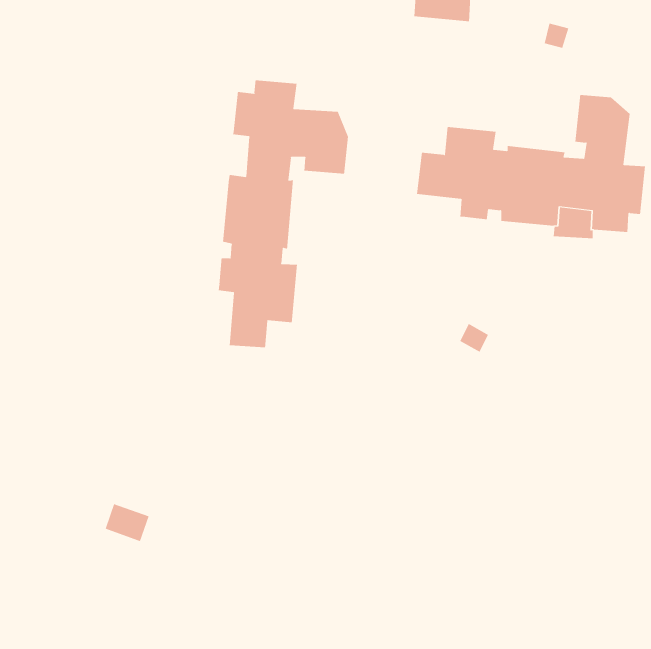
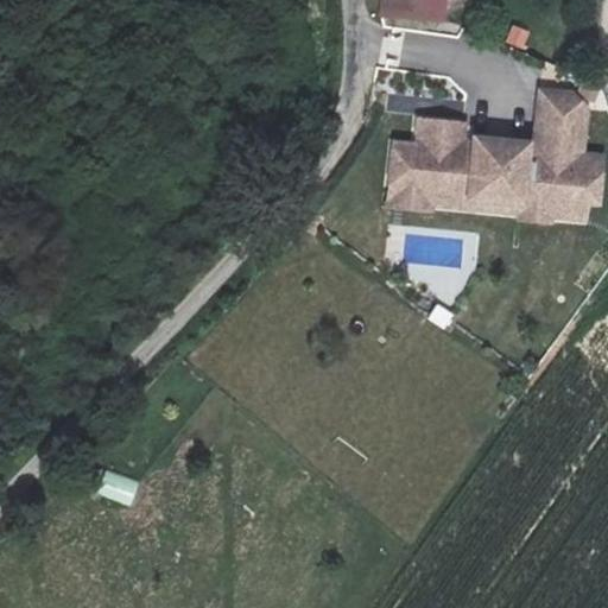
building: [218,80,349,348] -> none
building: none -> [382,180,433,211]

